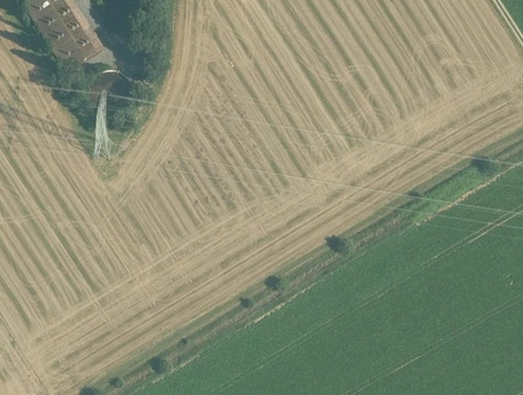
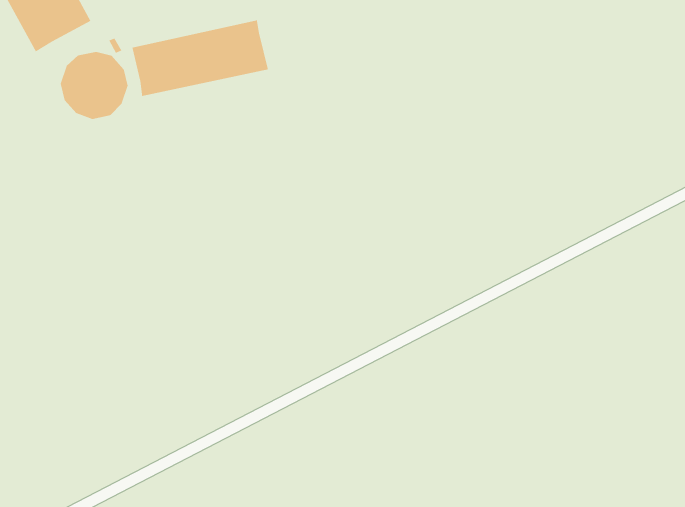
building: none -> [131,19,269,97]

